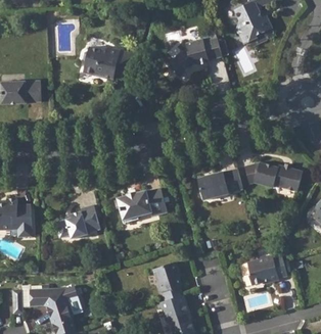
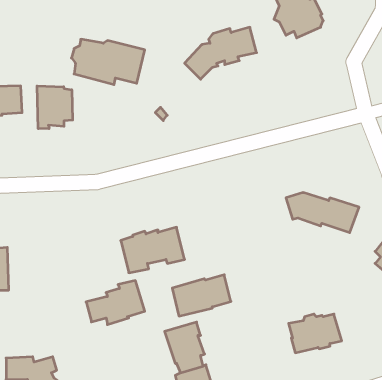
building: none -> [37,86,73,129]
building: [198,169,243,200] -> [172,275,231,316]
building: [56,206,101,240] -> [86,281,145,325]

